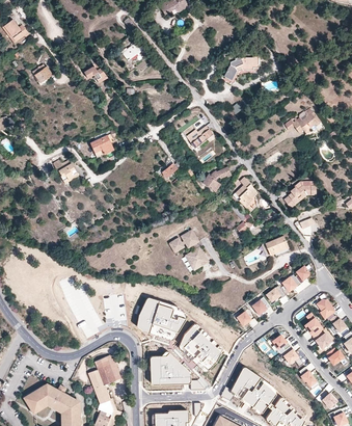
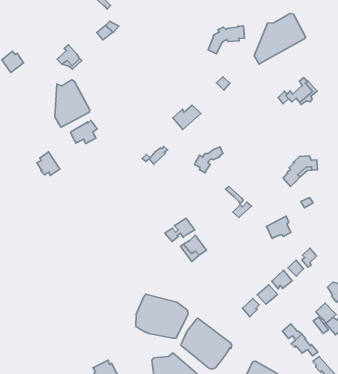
building: none -> [254,14,306,64]
building: none -> [55,80,90,127]
building: [235,178,256,211] -> none

